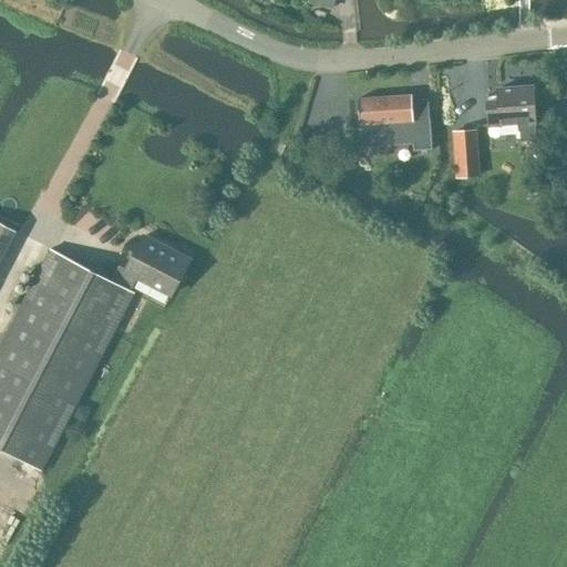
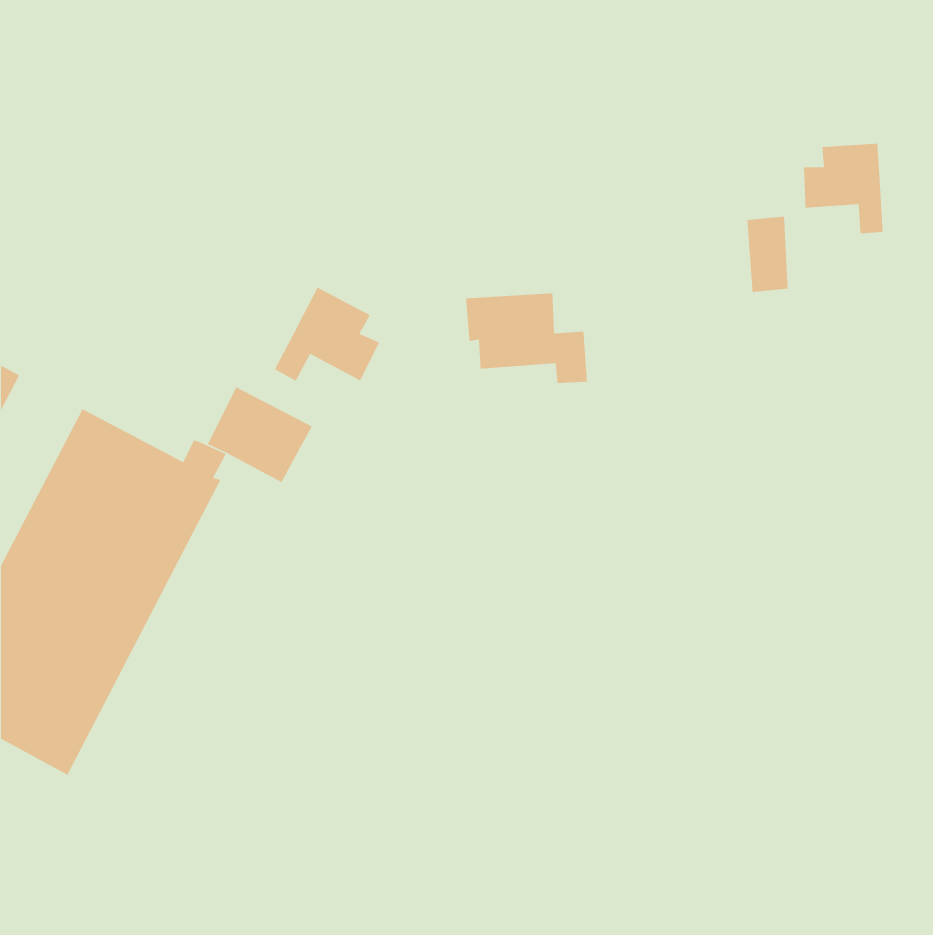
building: [358,95,432,151] -> [465,292,588,384]
building: none -> [274,287,380,382]

